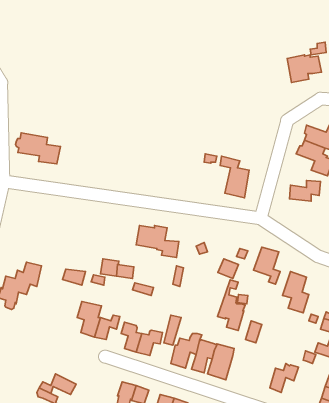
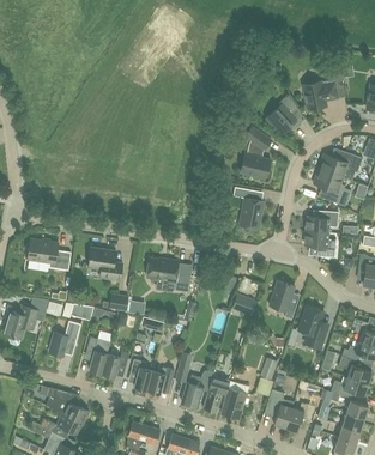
building: none -> [266,93,298,134]
building: none -> [240,126,272,178]
building: [15,133,60,164] -> [24,237,71,269]
building: none -> [304,230,335,256]
building: none -> [87,247,122,279]
building: [217,280,245,330] -> [264,374,292,426]
building: none -> [49,320,80,356]
building: none -> [47,386,89,423]

